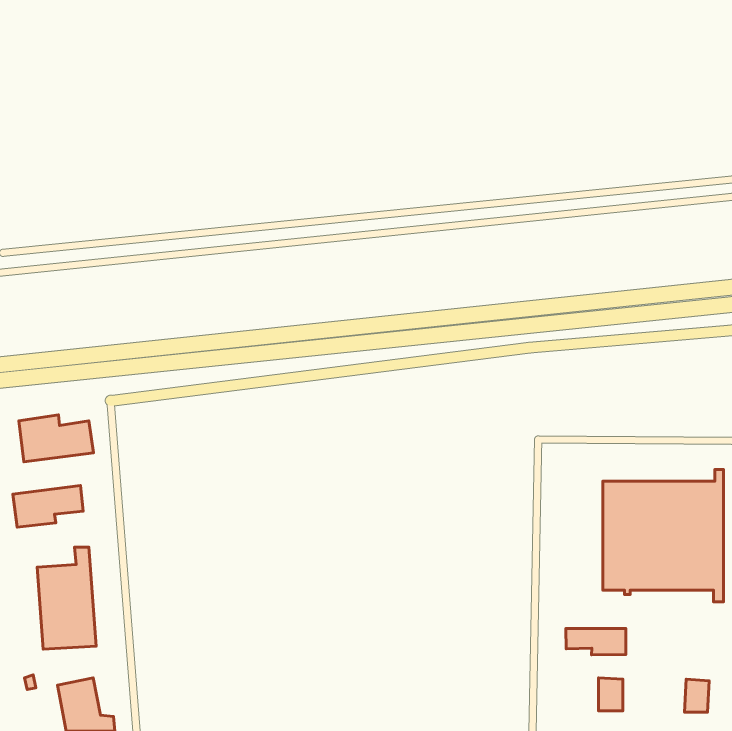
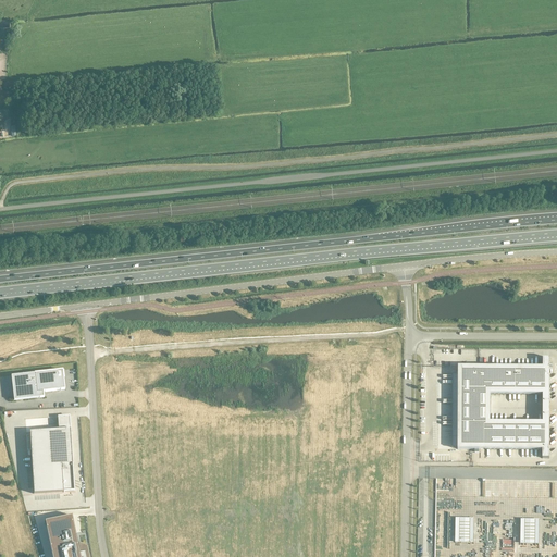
building: [19,415,93,462] -> none
building: [566,629,626,655] -> none

